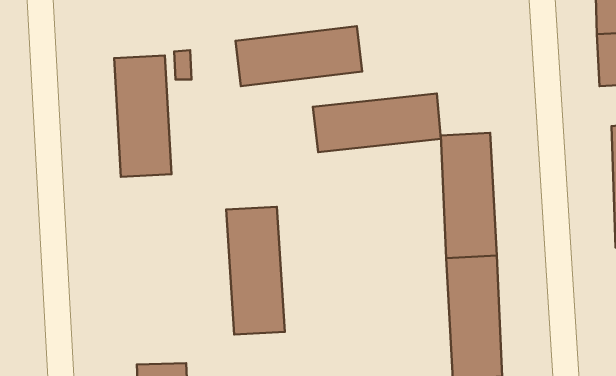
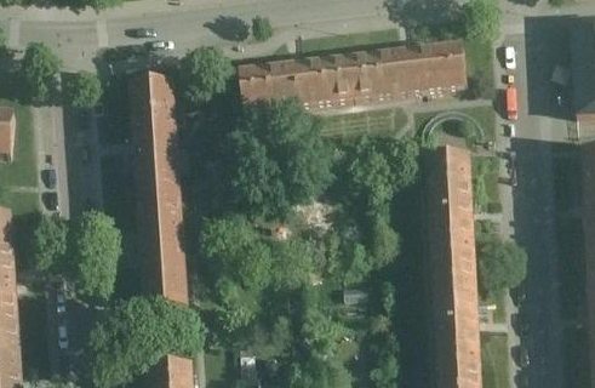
building: [313,94,441,152] -> [348,44,464,97]
building: [226,207,285,335] -> [133,190,187,307]

